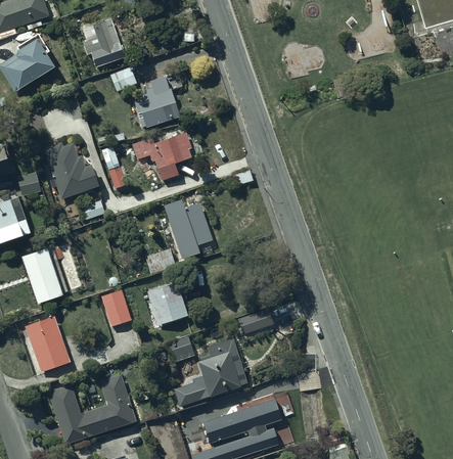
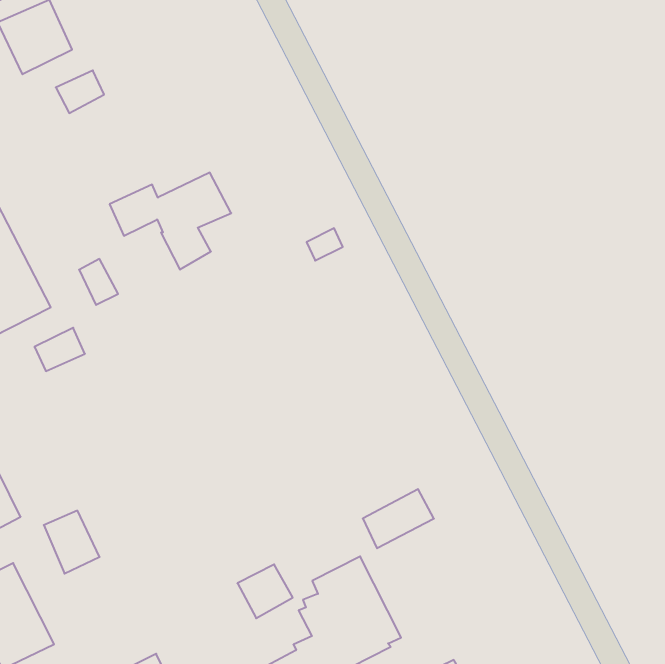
building: [135,81,180,123] -> none
building: [161,192,215,254] -> none
building: [148,282,188,325] -> none
building: [104,288,131,320] -> [44,511,100,574]

